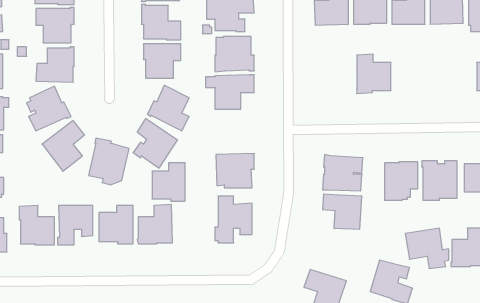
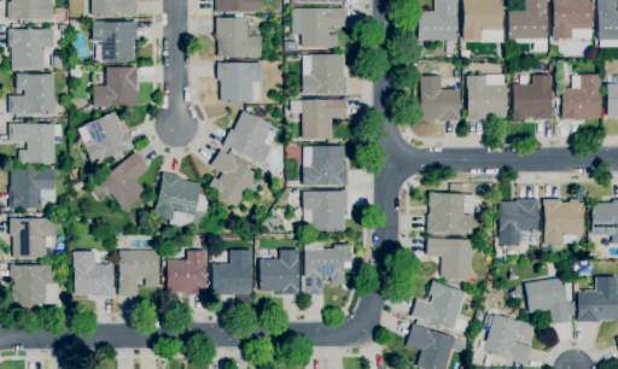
building: none -> [513,75,553,121]
building: none -> [561,75,601,119]
building: none -> [420,76,460,121]
building: none -> [303,146,348,186]
building: [152,163,185,201] -> [261,250,299,294]
building: none -> [412,282,468,332]

